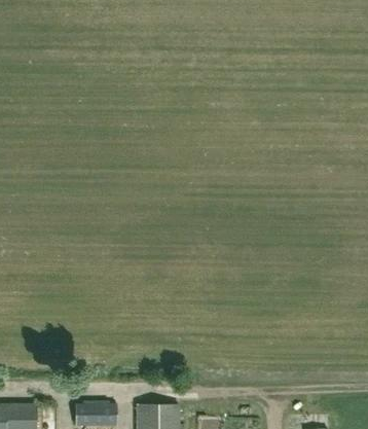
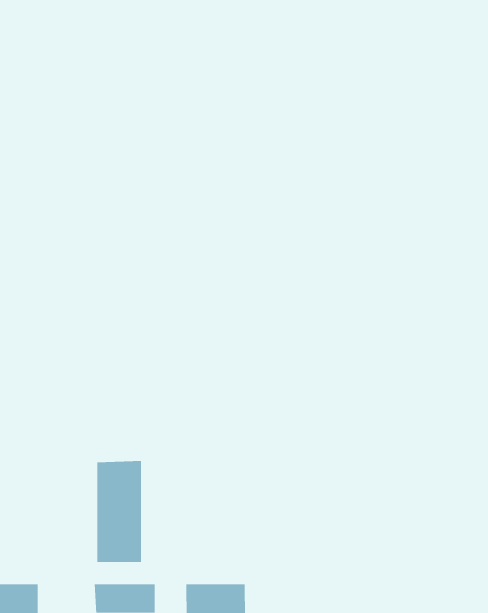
building: none -> [97,460,142,563]

